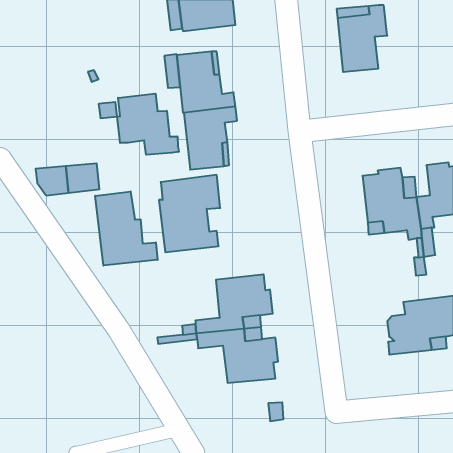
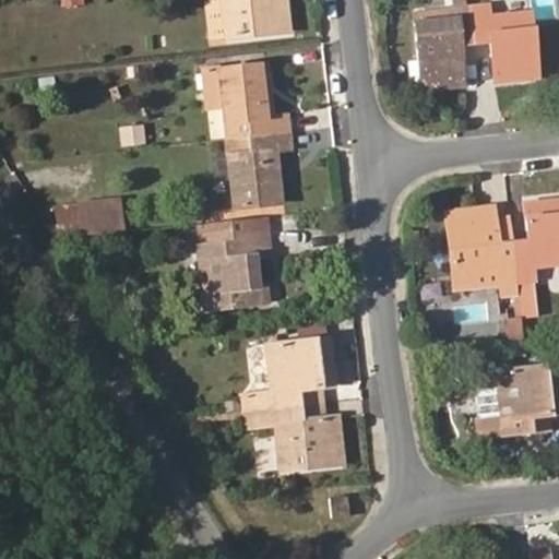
building: none -> [473,4,539,81]
building: [117,94,179,155] -> none
building: [95,191,158,266] -> none

